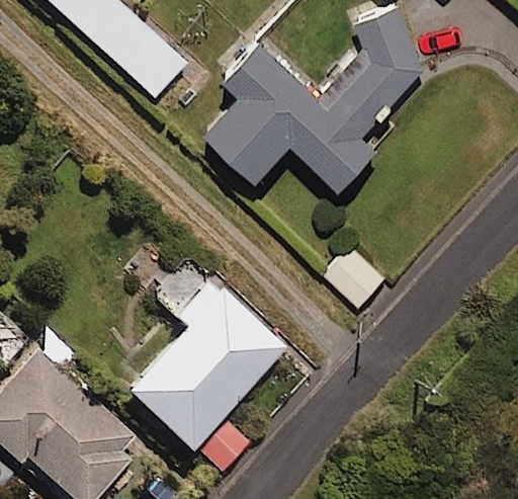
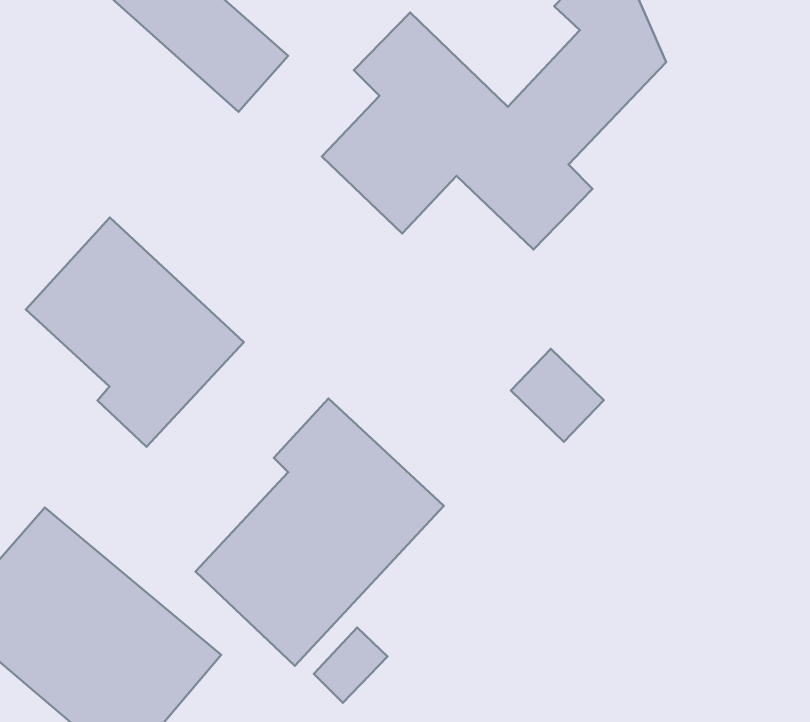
building: none -> [26,217,244,447]

